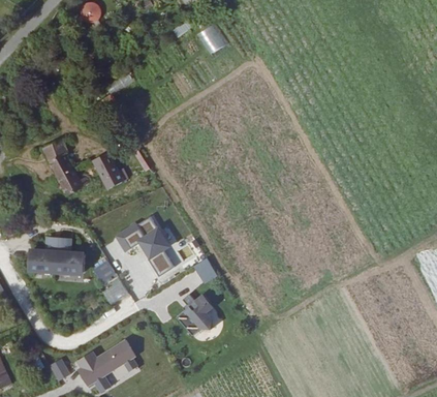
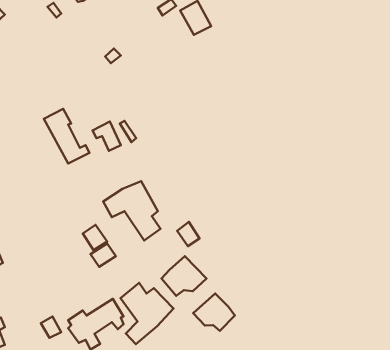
building: [27,237,83,273] -> none
building: none -> [120,283,173,344]
building: none -> [193,293,235,331]

